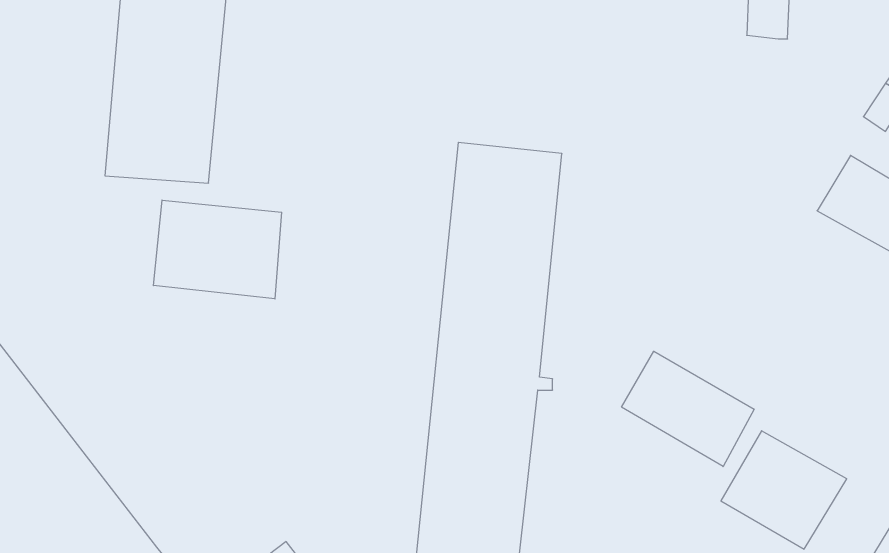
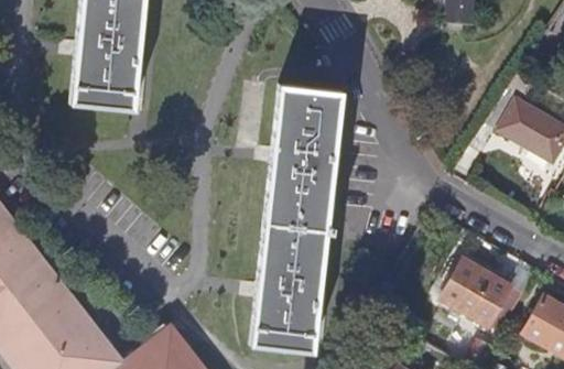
building: [153,200,282,299] -> none
building: [622,351,754,467] -> none

